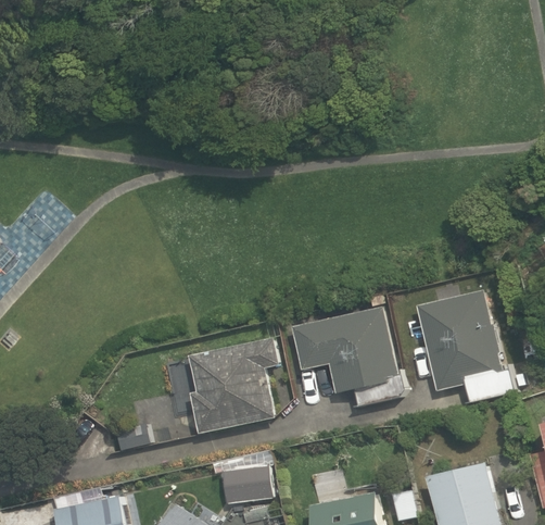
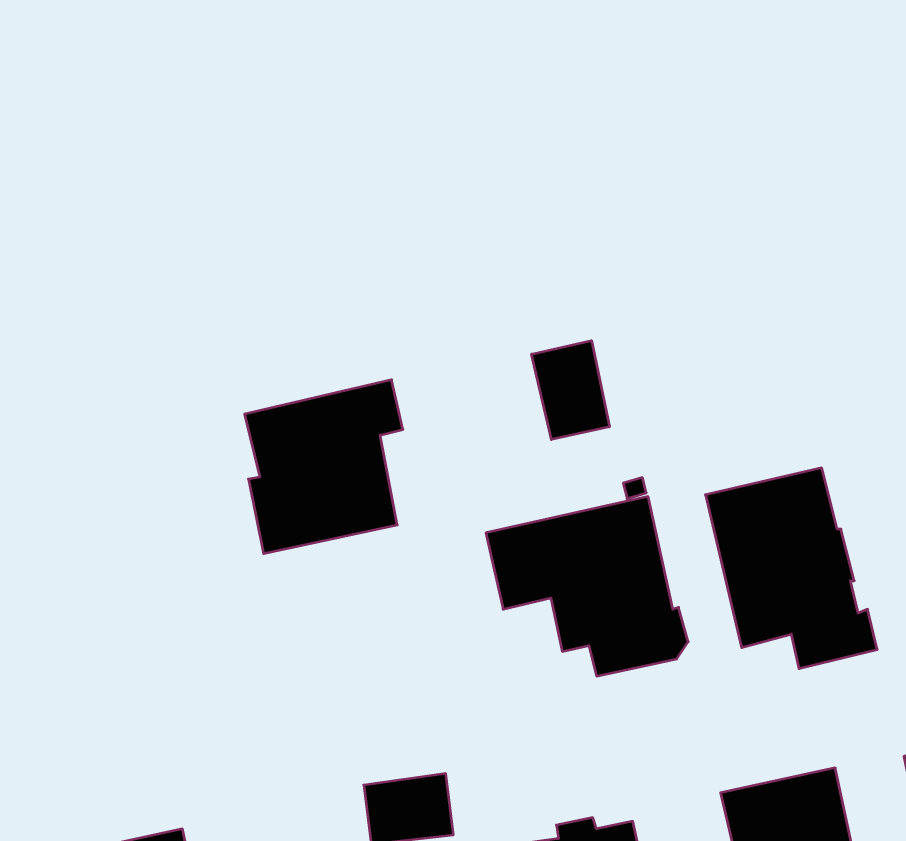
building: none -> [532,341,609,440]
building: [188,336,278,435] -> [245,380,403,554]

